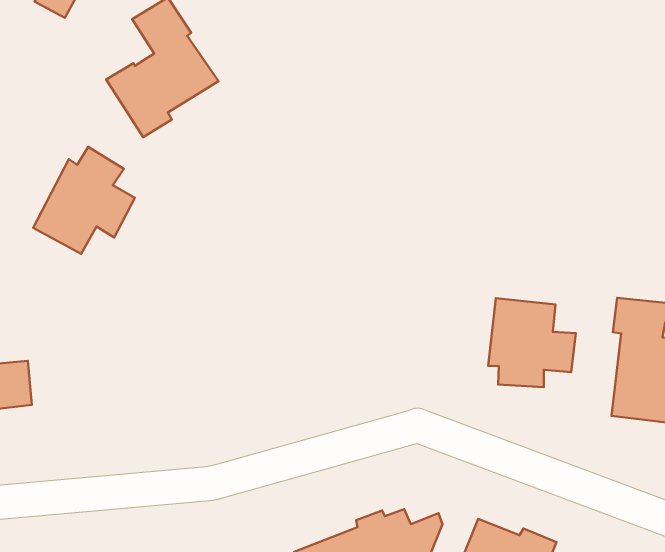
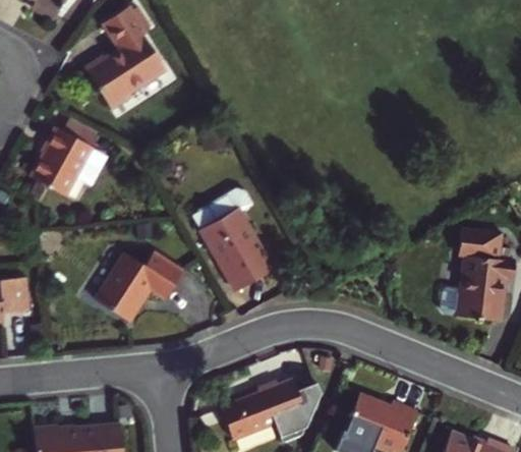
building: none -> [190,188,273,293]
building: [488,298,576,387] -> none
building: none -> [94,249,184,321]

